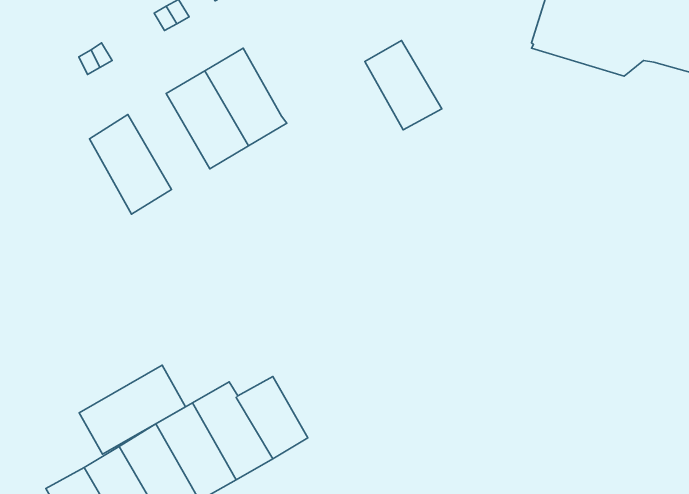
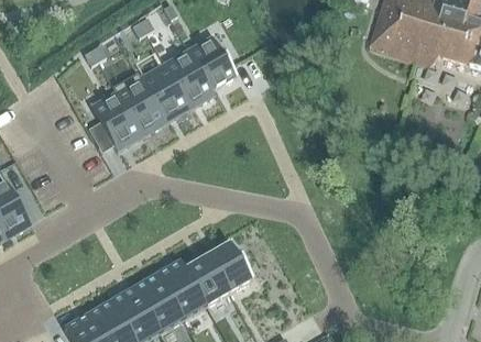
building: [365,41,442,130] -> [187,35,236,91]
building: none -> [114,77,166,137]
building: none -> [206,242,250,294]
building: [79,365,186,454] -> none

